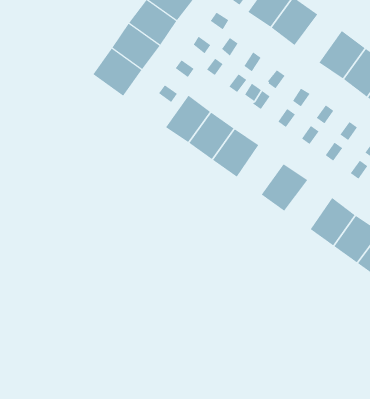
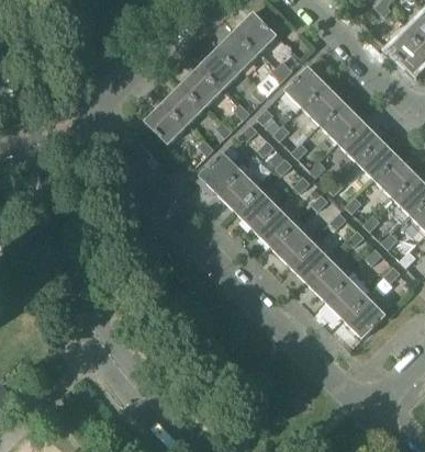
building: none -> [320,102,361,143]
building: none -> [253,204,293,246]
building: none -> [288,240,329,282]

